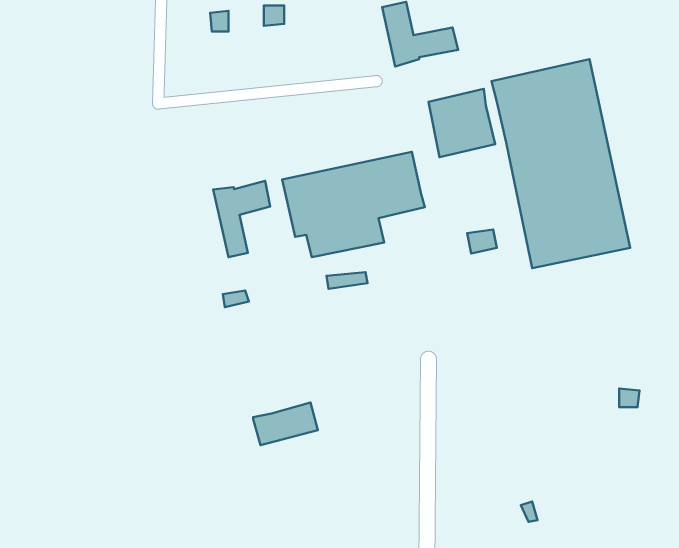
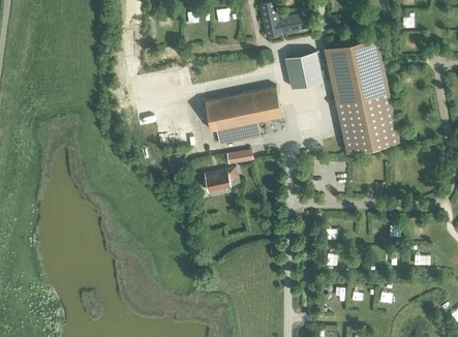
building: [213,181,270,257] -> none
building: [253,403,318,445] -> [205,168,241,192]

